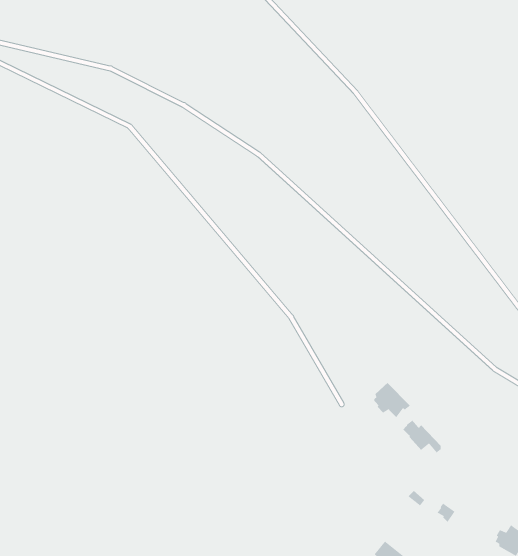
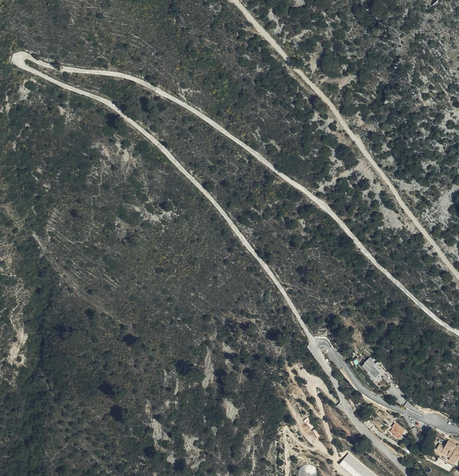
building: [373,382,411,418] -> none

